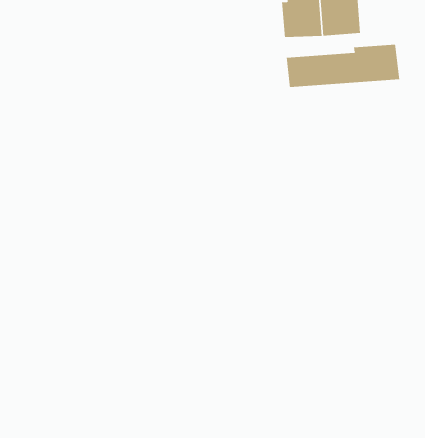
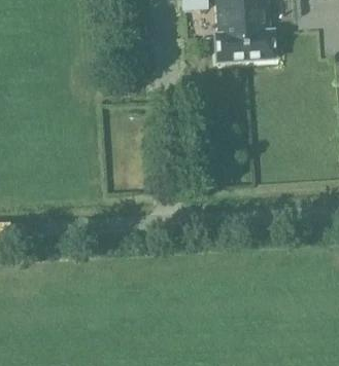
building: [286,44,400,88] -> none

